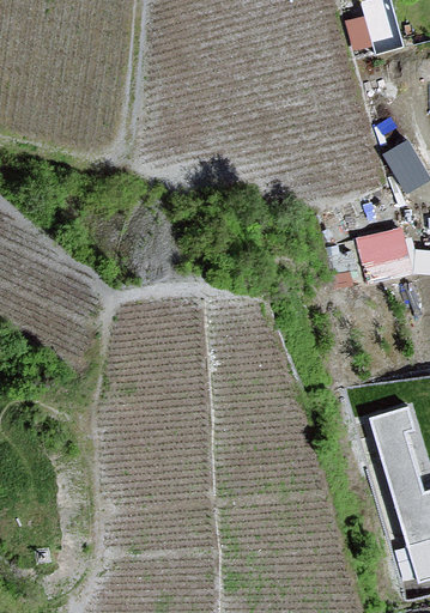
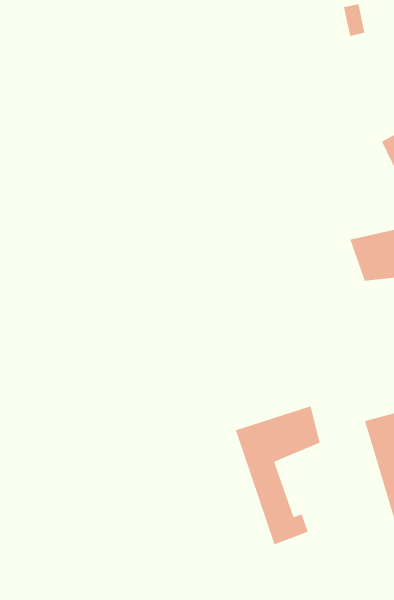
building: none -> [235,406,320,545]

